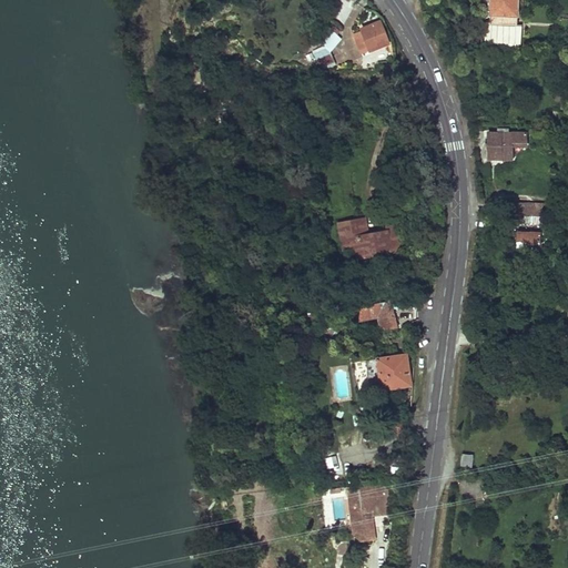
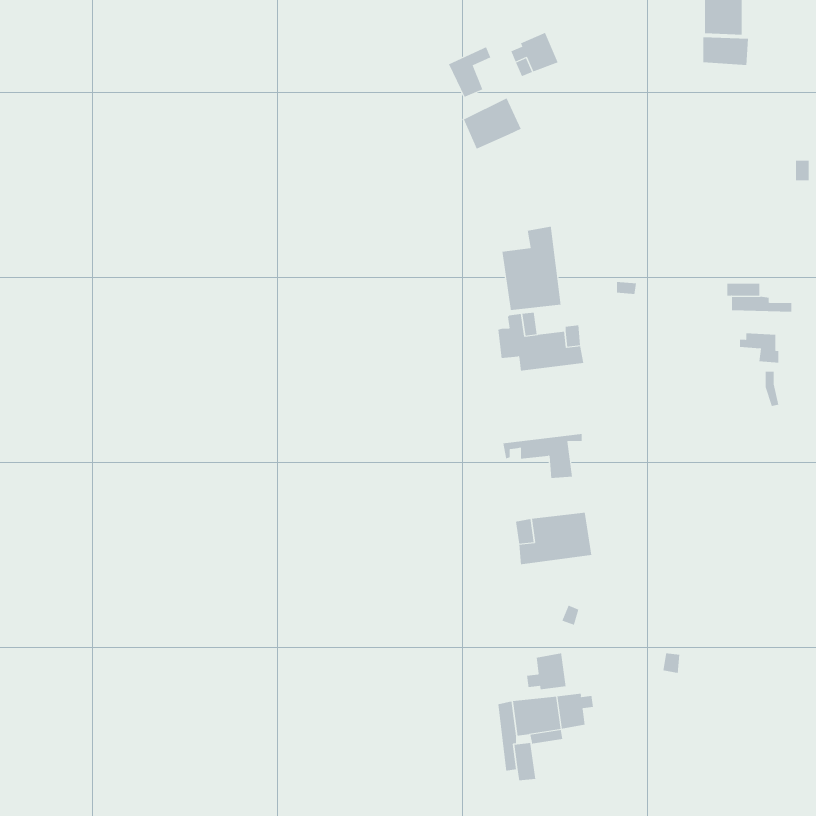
building: none -> [463,98,521,150]
building: [487,133,525,160] -> none
building: none -> [502,226,561,311]
building: none -> [527,653,566,690]
building: none -> [557,693,594,729]

